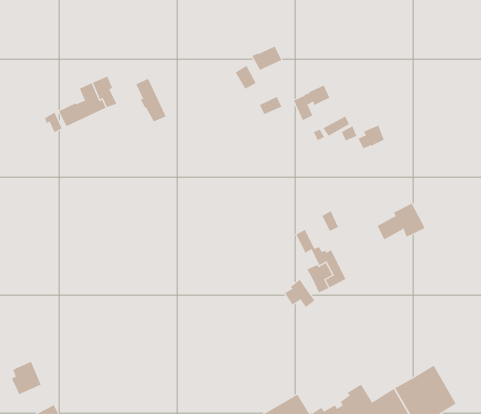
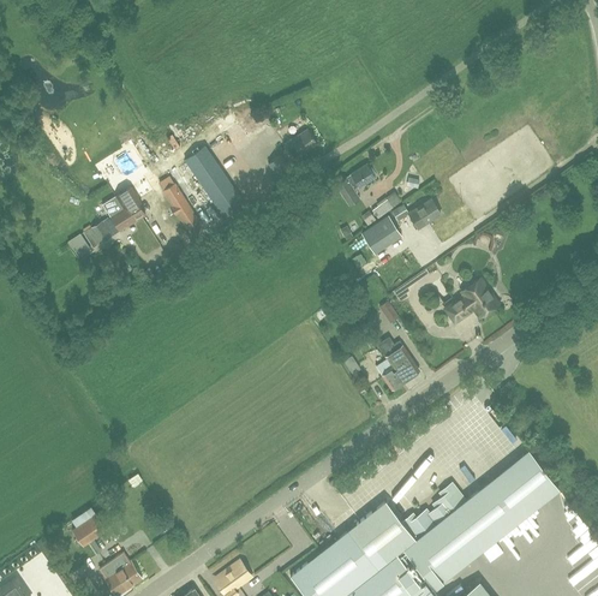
building: none -> [185,145,246,219]
building: none -> [361,216,403,255]
building: [284,279,315,308] -> none

